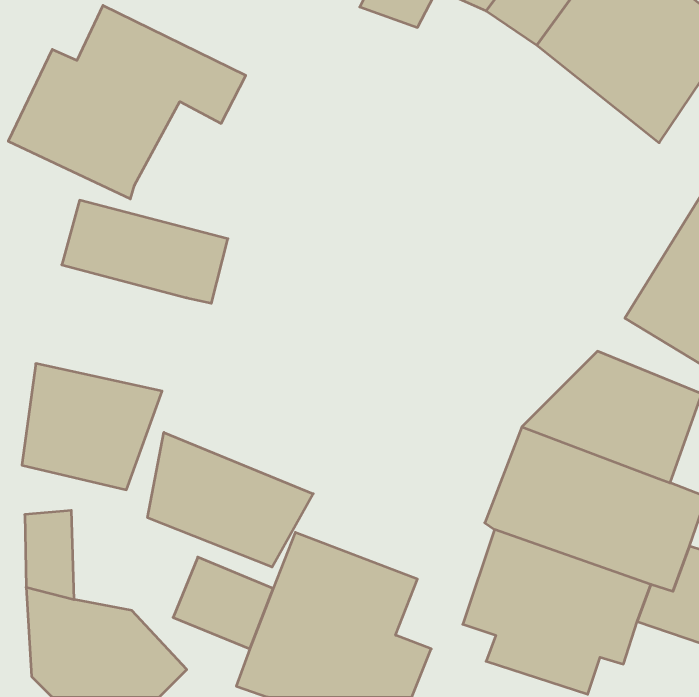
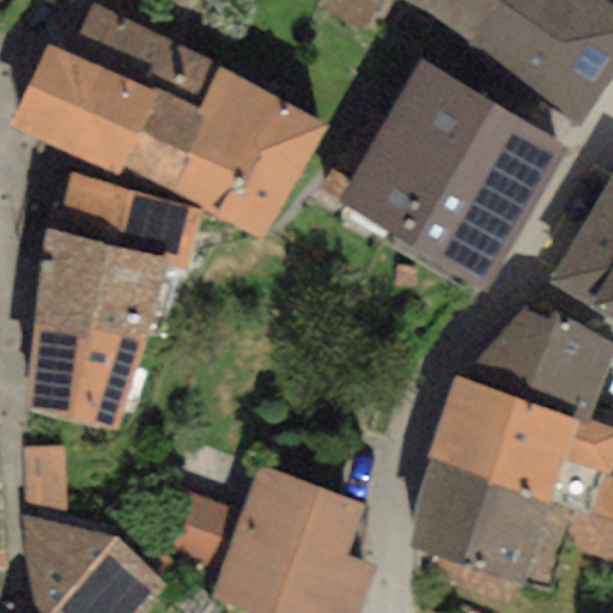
building: none -> [339,60,565,286]
building: none -> [120,66,327,239]
building: none -> [34,229,165,341]
building: [148,432,313,567] -> none

